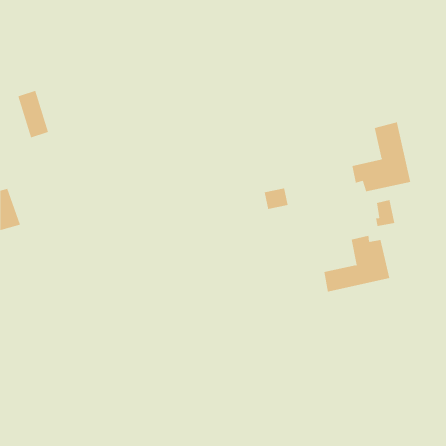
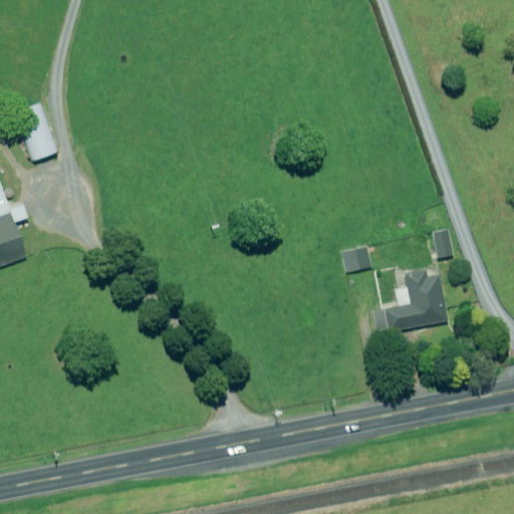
building: [352,121,411,192] -> none
building: [264,188,288,210] -> [342,247,370,272]

